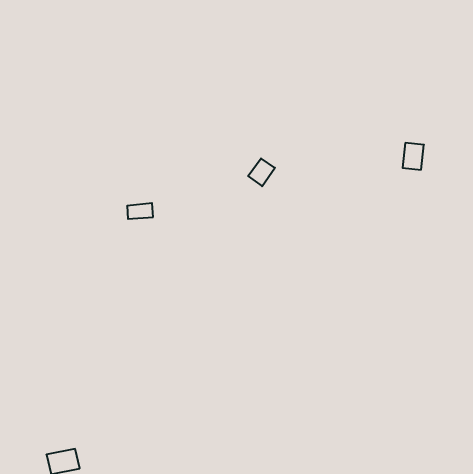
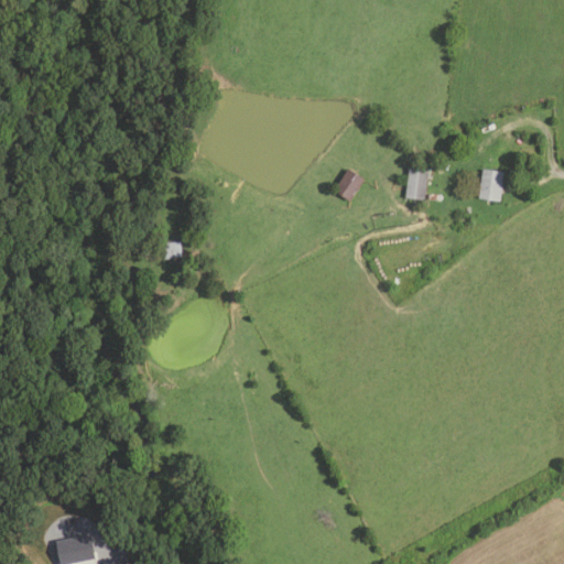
building: none -> [405,170,429,200]
building: [248,158,275,186] -> [334,169,366,202]

